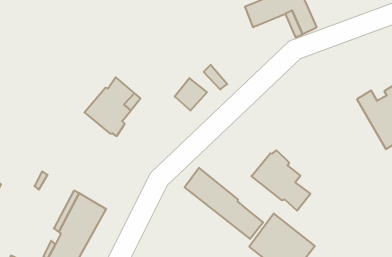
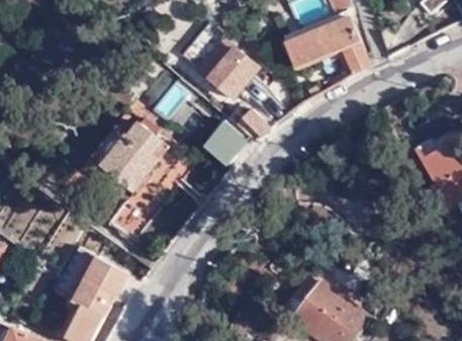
building: none -> [202,40,257,96]
building: [251,150,310,211] -> none
building: [185,168,263,239] -> none

